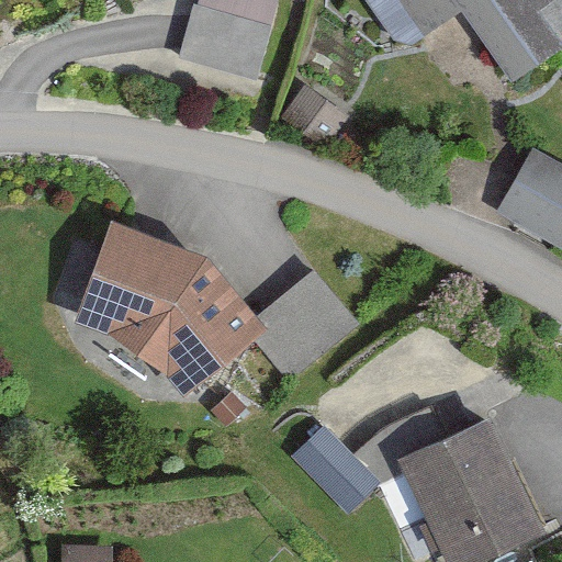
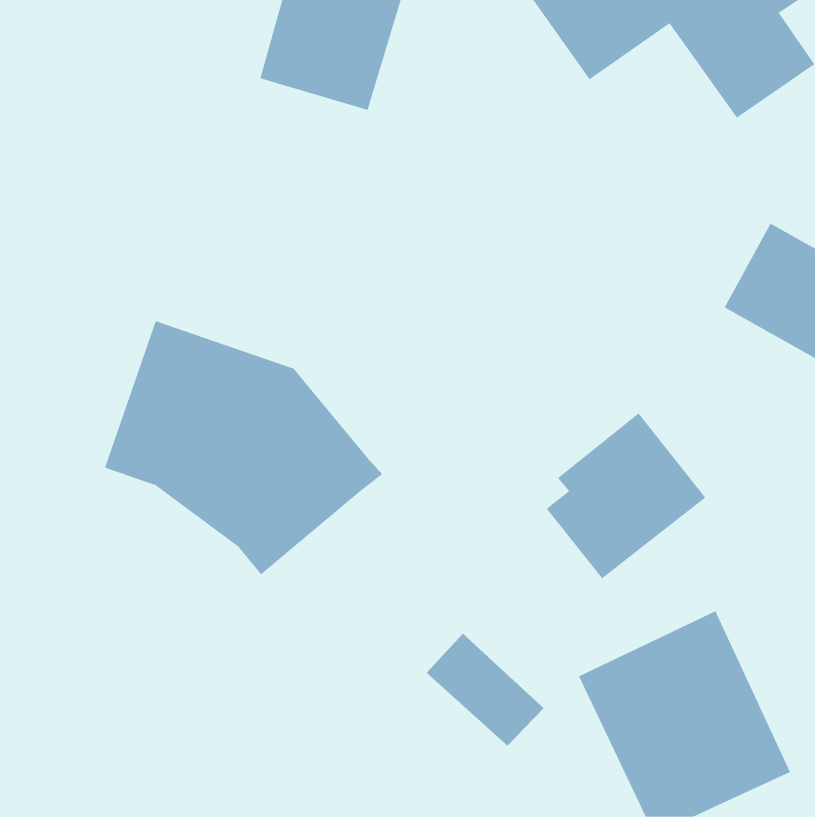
building: [249,271,359,385] -> [546,413,706,579]

